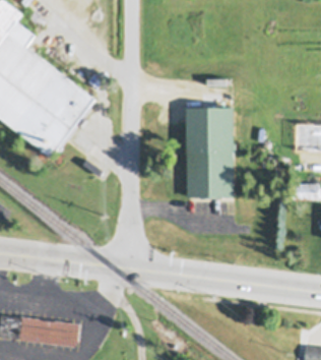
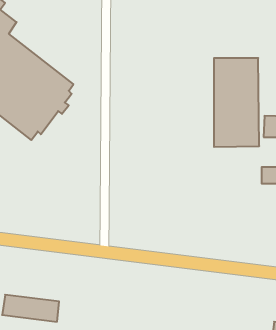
building: [187,104,235,197] -> [214,58,259,147]

